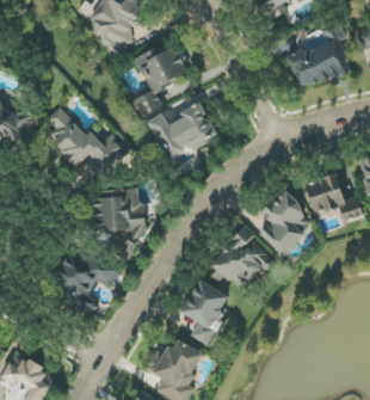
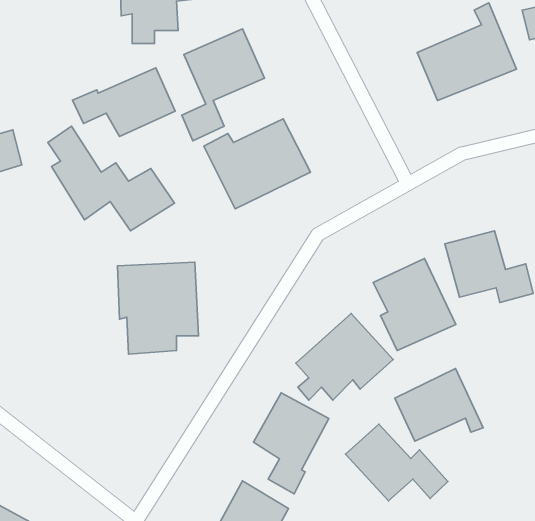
building: none -> [72,68,175,137]
building: [51,253,122,313] -> none
building: none -> [395,368,483,441]
building: none -> [346,424,448,501]

